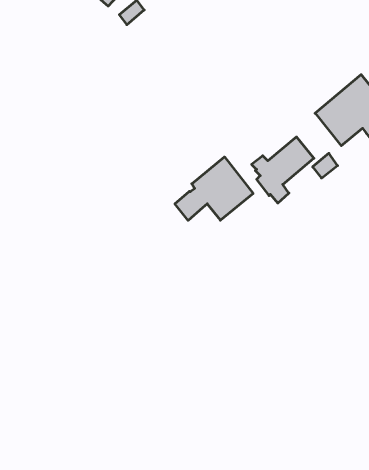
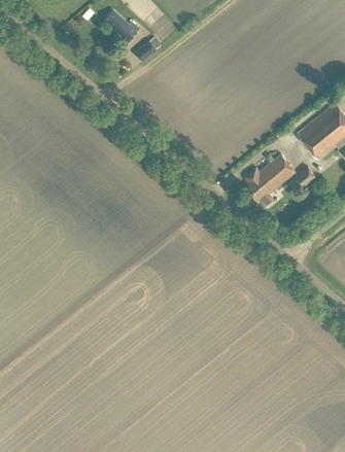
building: [175,157,253,220] -> none

